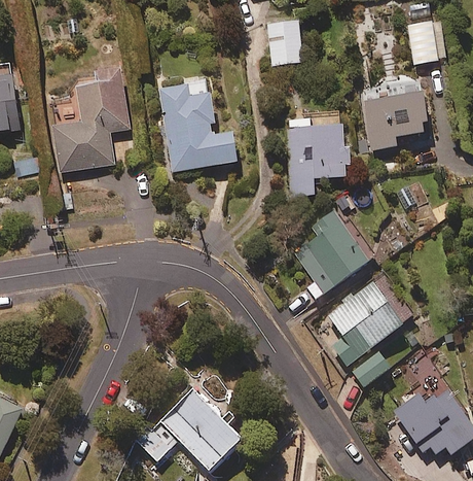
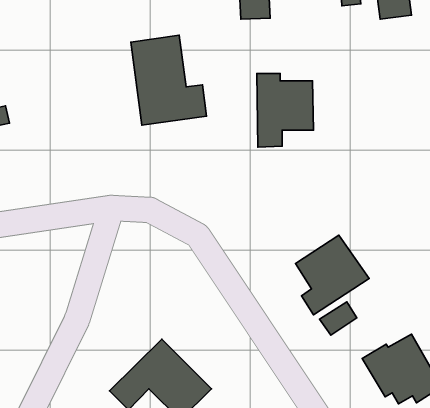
building: [54,69,128,170] -> none
building: [363,80,428,148] -> none
building: [294,210,369,298] -> none

